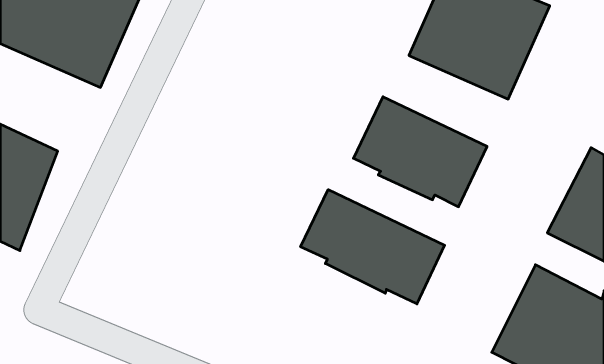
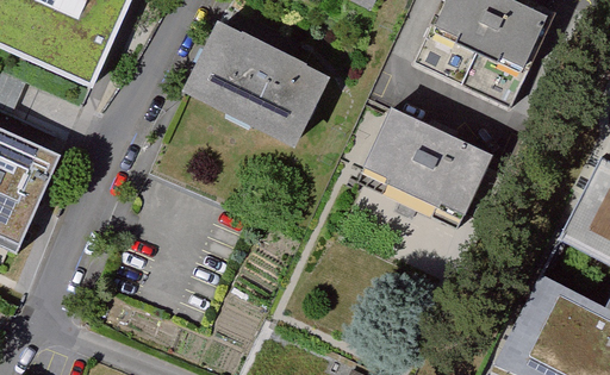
building: none -> [191,23,326,139]
building: [301,190,445,304] -> none

